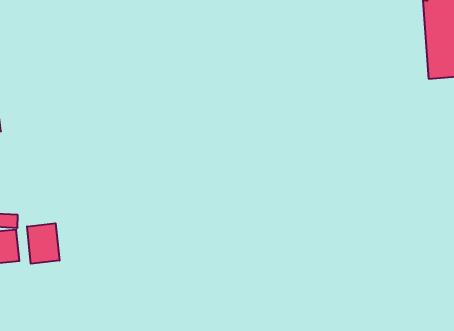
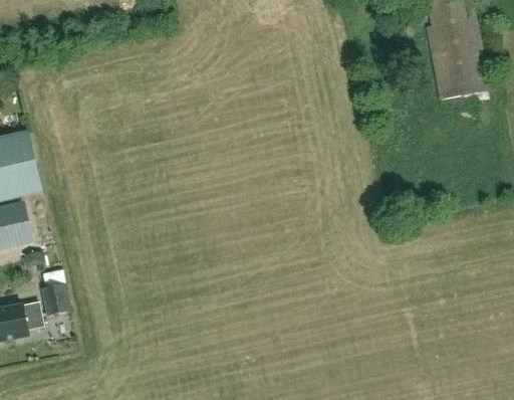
building: [27,223,59,264] -> none

